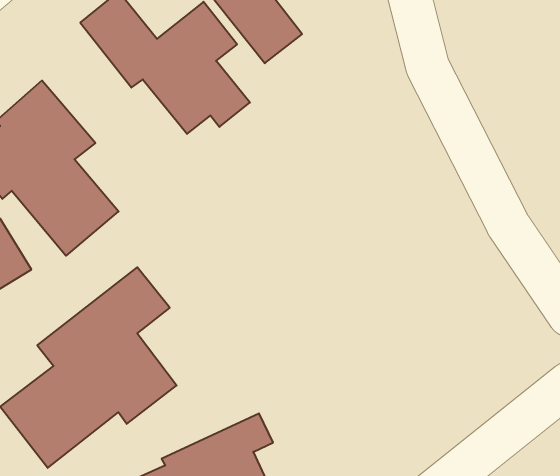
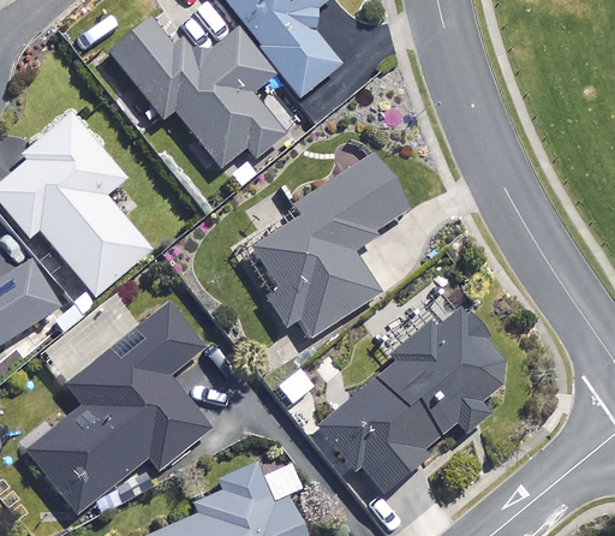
building: none -> [251,156,407,337]
building: none -> [317,299,510,498]

